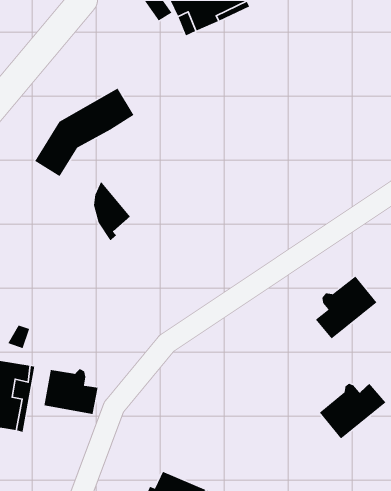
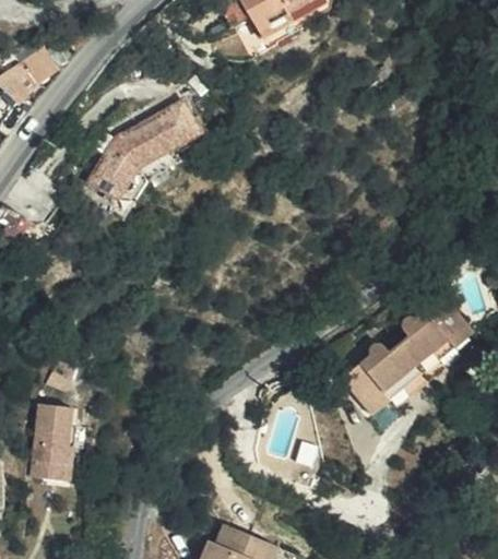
building: [93,180,131,241] -> none
building: [43,368,99,415] -> none
building: [319,383,387,439] -> [337,353,412,415]

